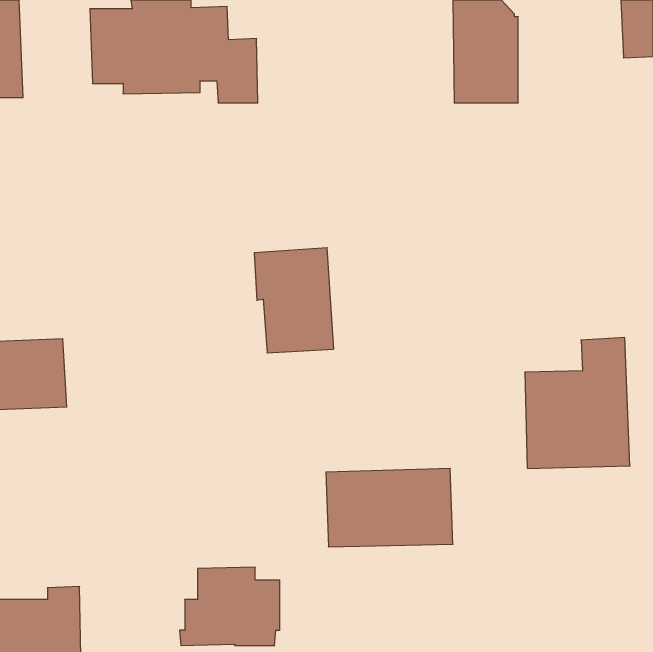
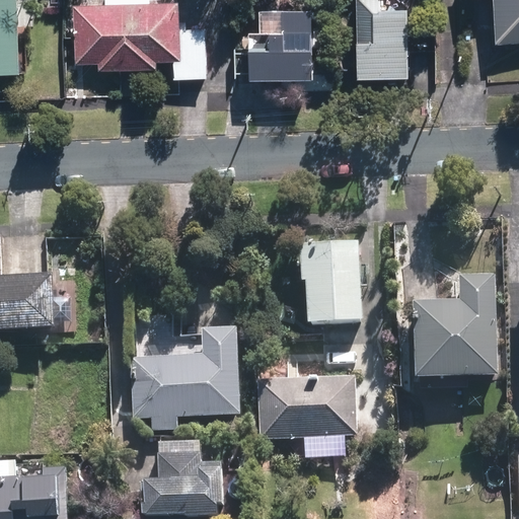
building: none -> [252,15,316,87]
building: [254,248,334,353] -> [299,239,362,322]
building: none -> [130,323,240,428]

